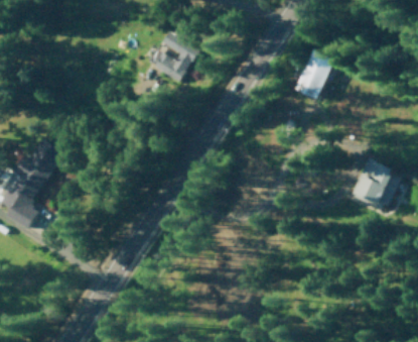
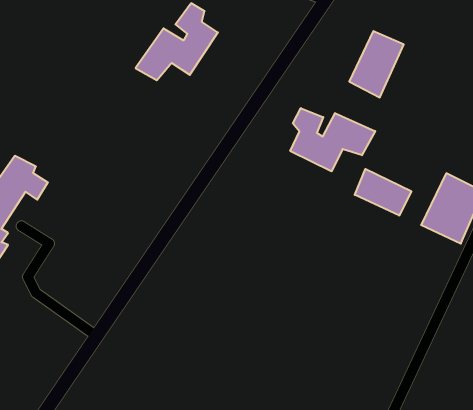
building: none -> [290,108,375,171]
building: none -> [355,169,411,216]

